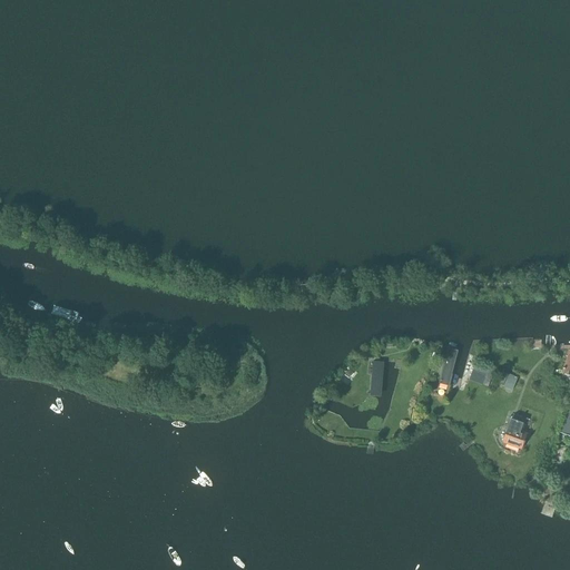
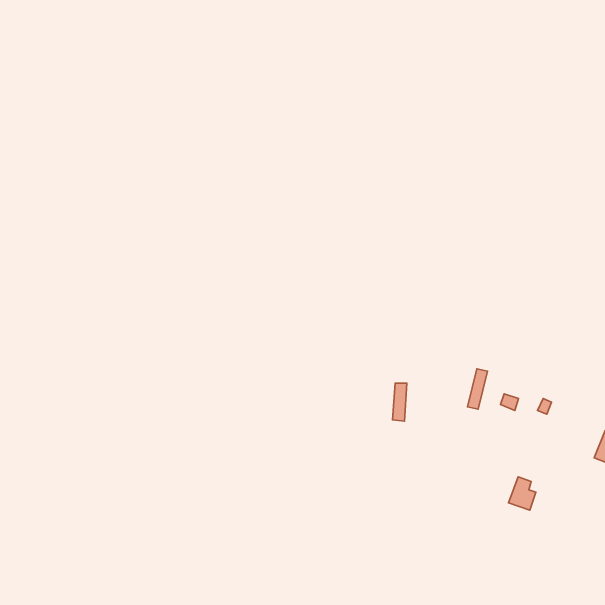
building: [503,417,529,449] -> [509,477,536,510]

